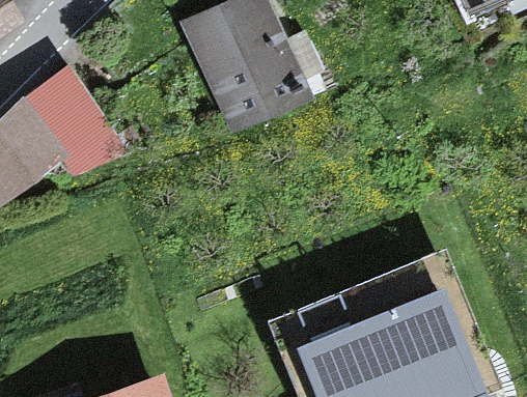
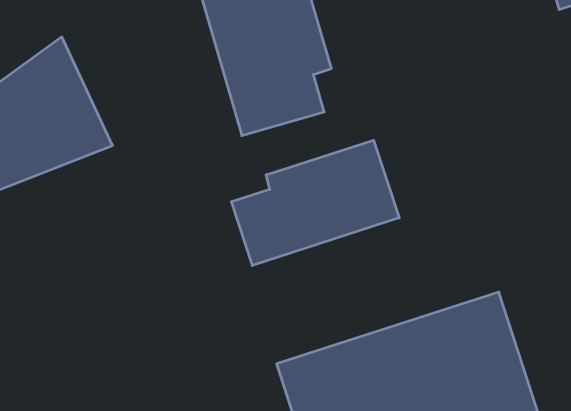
building: none -> [231,140,399,266]

